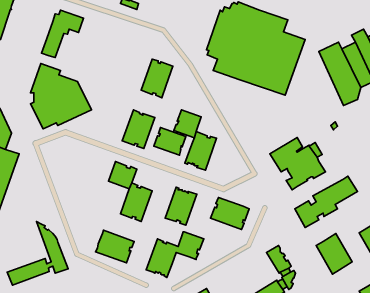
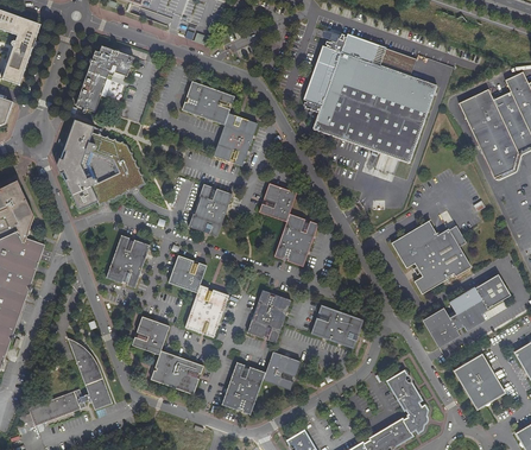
building: none -> [181,81,233,156]
building: [154,127,186,155] -> none
building: none -> [105,234,150,287]
building: none -> [131,315,169,354]

